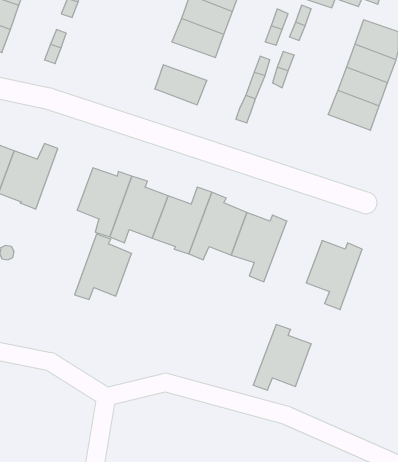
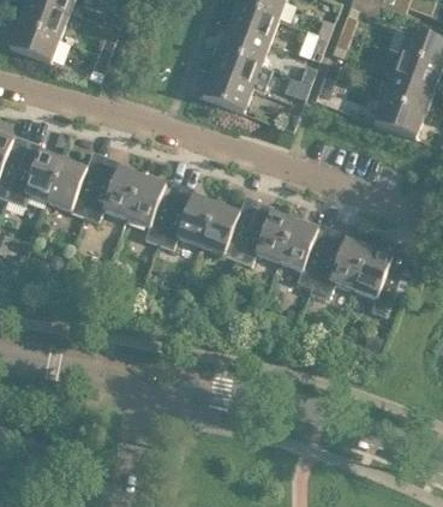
building: none -> [209,50,261,89]
building: [75,234,132,300] -> [83,156,139,221]
building: [253,325,311,390] -> [309,228,366,293]

